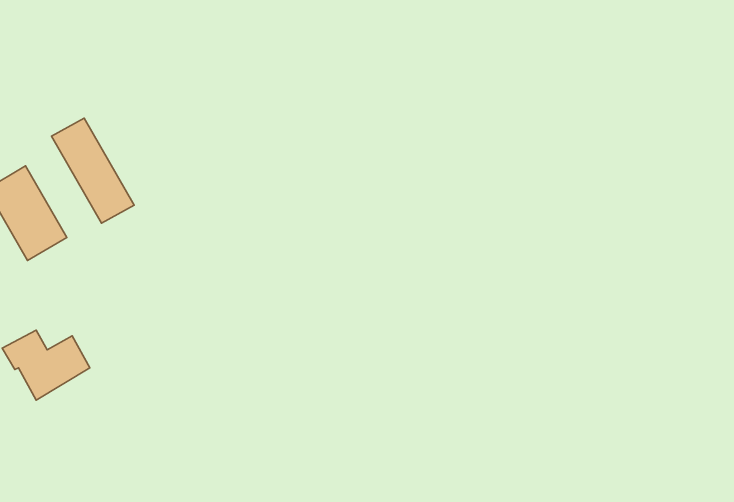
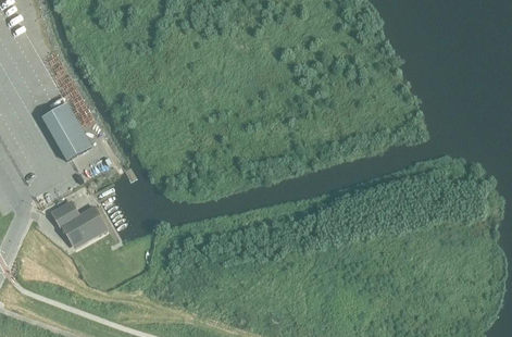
building: [52,118,134,223] -> none

